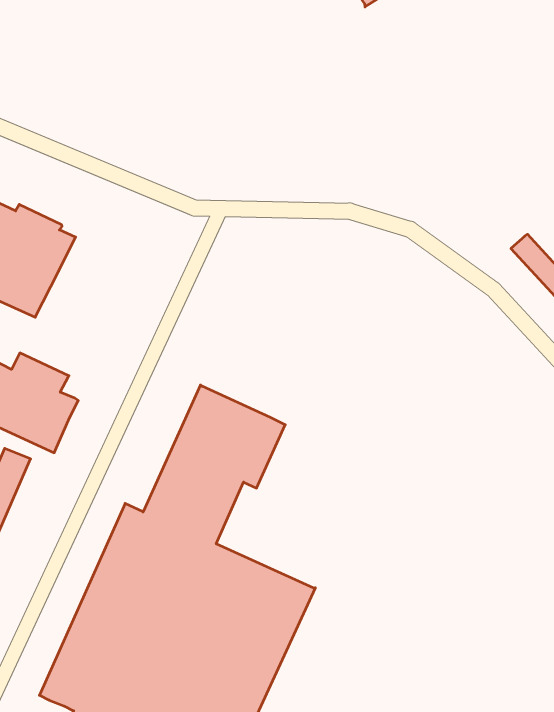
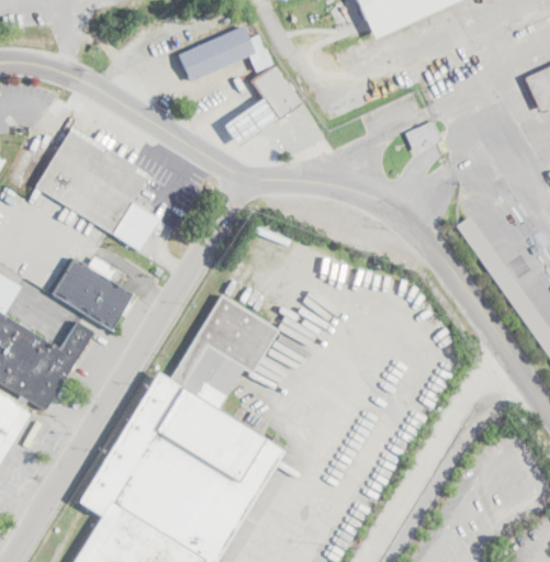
building: none -> [177,25,299,145]
building: none -> [405,120,440,151]
building: none -> [109,200,158,249]

